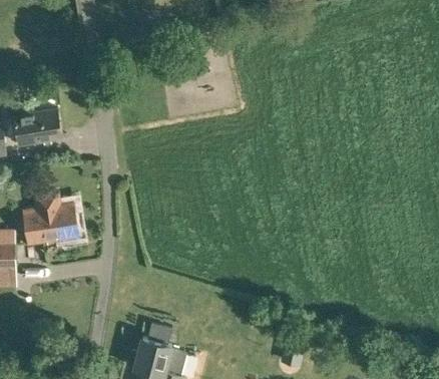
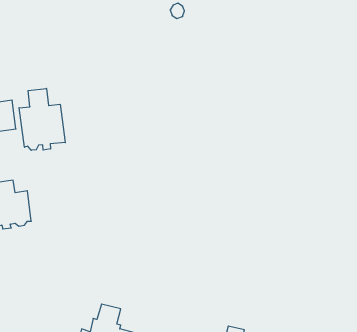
building: none -> [19,88,65,150]

